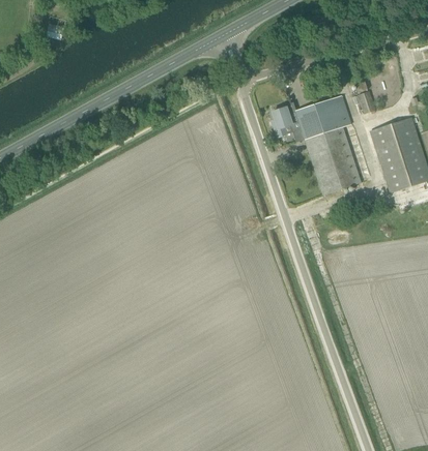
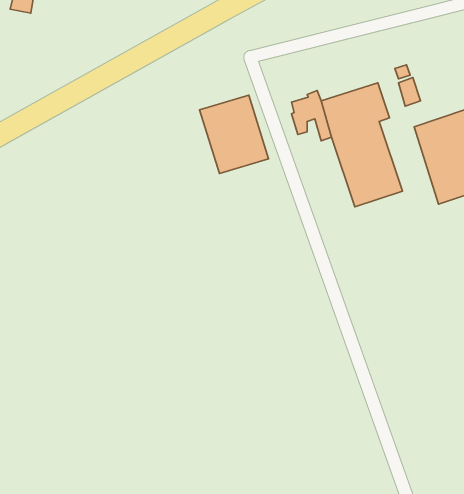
building: none -> [199,95,269,174]

